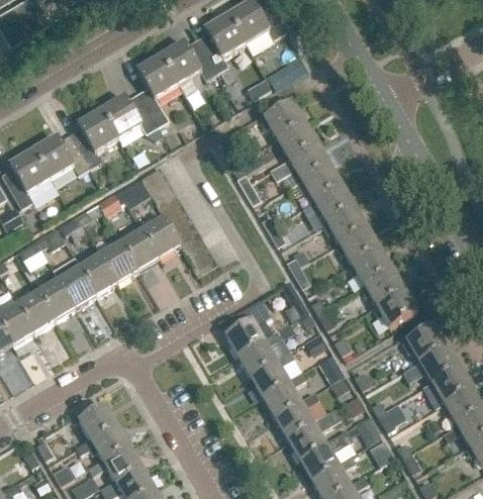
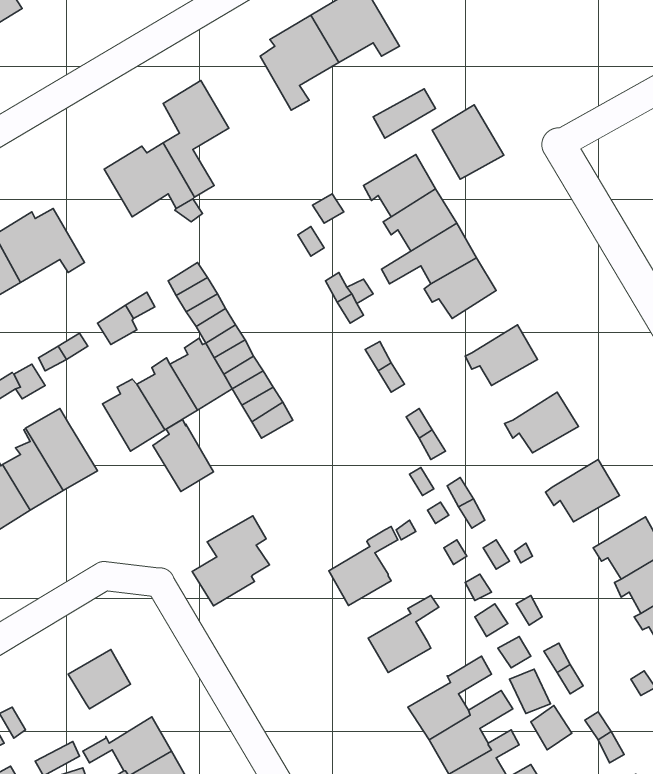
building: [161,39,216,84] -> none
building: none -> [432,105,504,179]
building: [70,109,118,167] -> none
building: [310,184,356,222] -> none
building: [335,226,380,264] -> none
building: [80,251,117,295] -> [153,419,214,492]
building: [361,268,405,305] -> none
building: [226,301,274,357] -> [192,516,269,606]
building: [252,351,295,398] -> none
building: [276,392,319,440] -> none
building: [76,426,130,463] -> none

